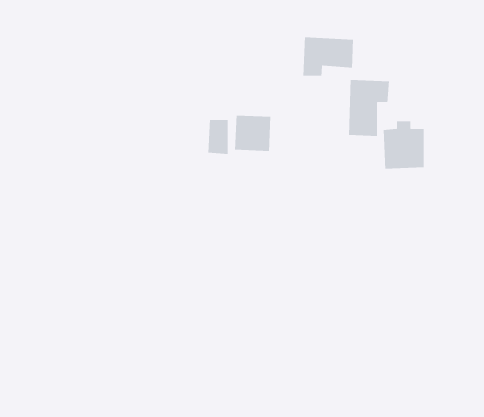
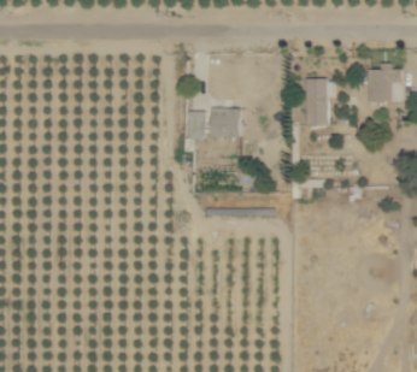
building: [303,37,354,77] -> none
building: [383,121,424,169] -> [368,63,401,102]

